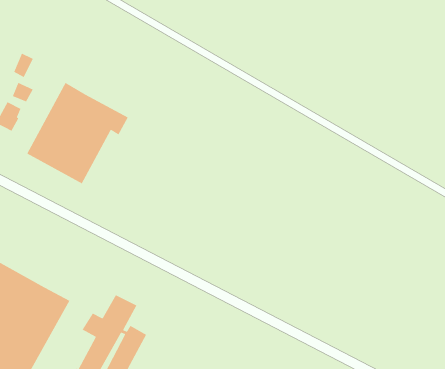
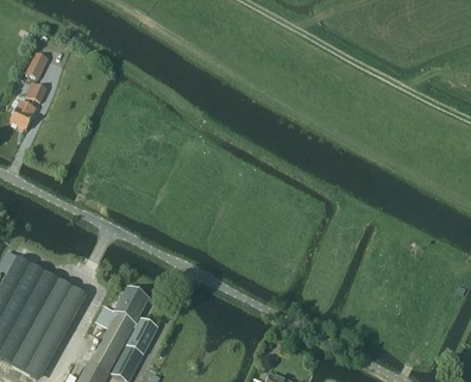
building: [26,82,129,185] -> none

